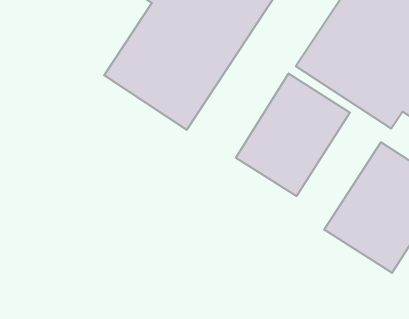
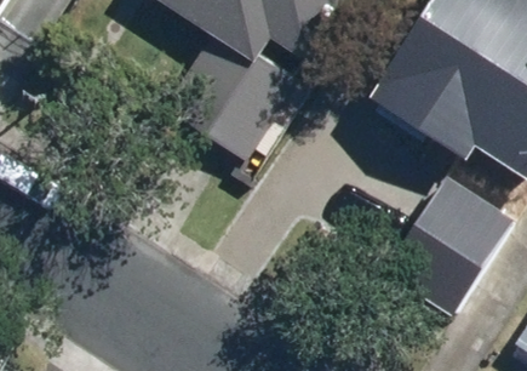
building: [236,73,350,196] -> none

